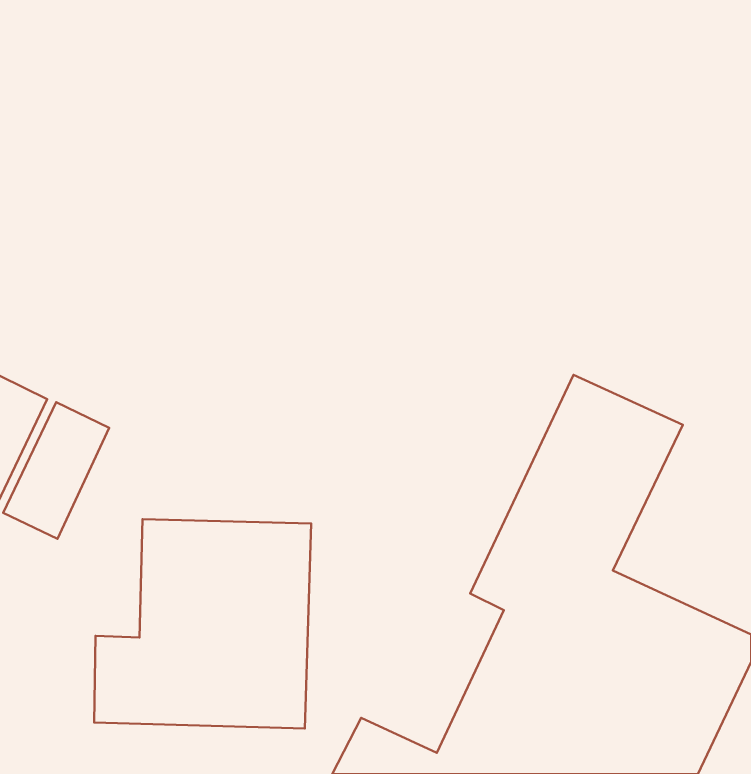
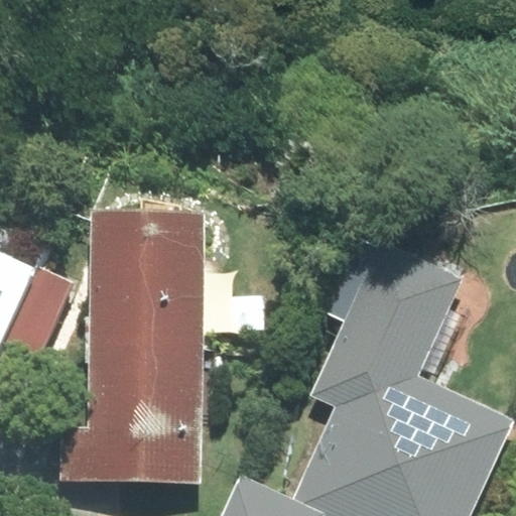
building: none -> [95,213,211,348]

